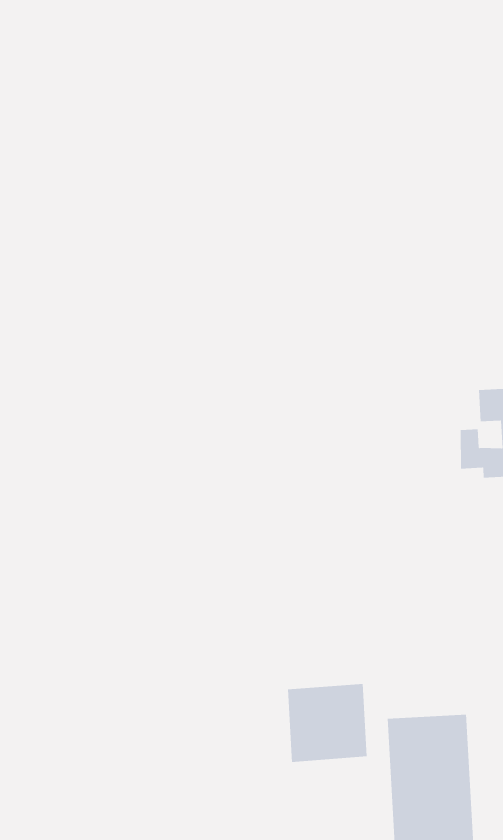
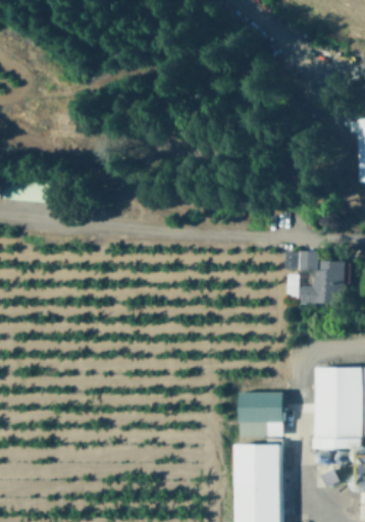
building: [287,683,368,762] -> [240,392,285,436]

